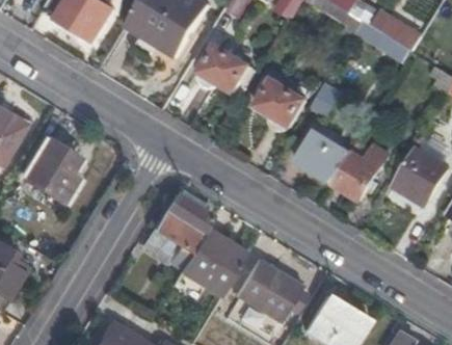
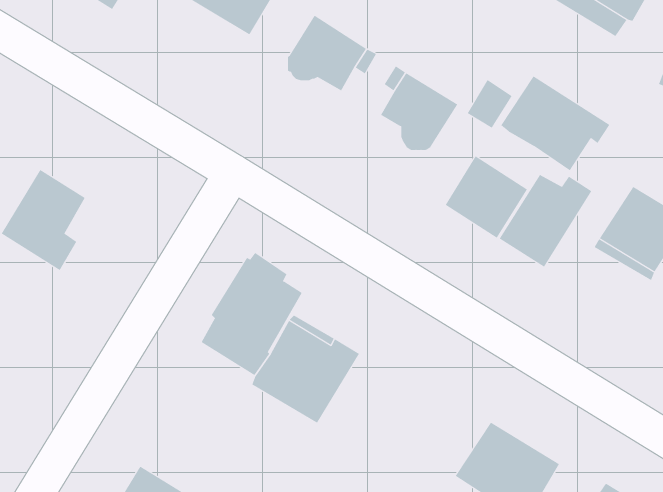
building: none -> [500,75,610,171]
building: [236,258,301,320] -> none

